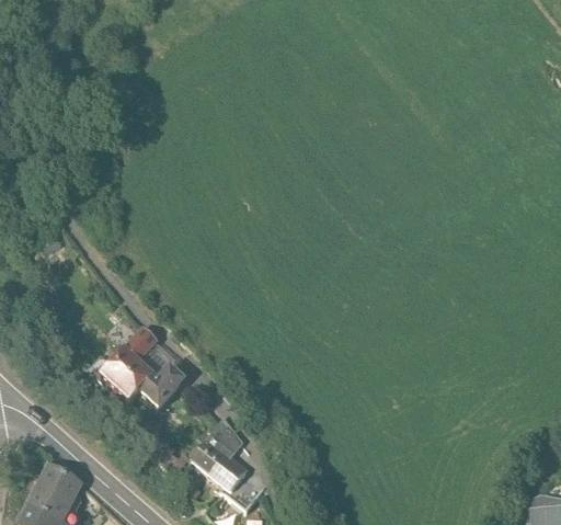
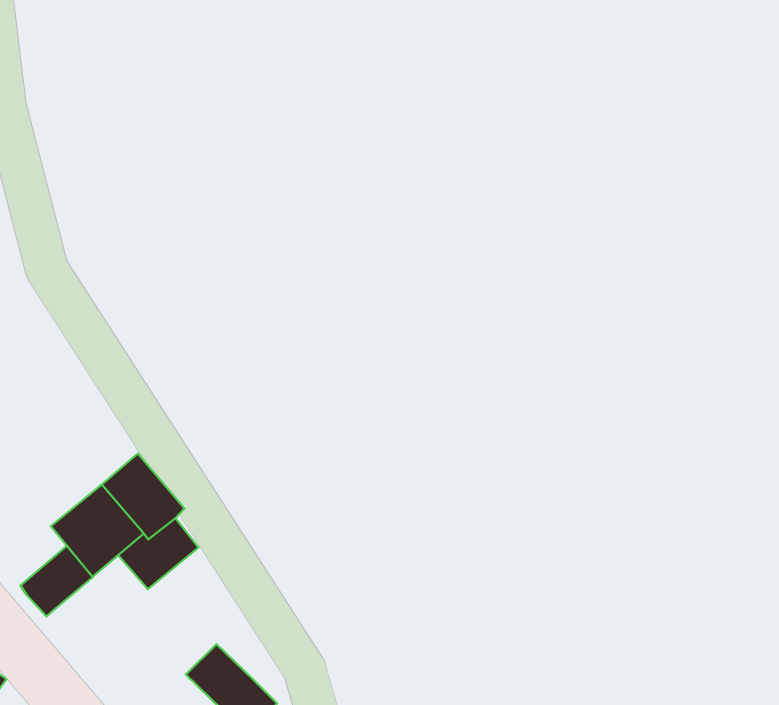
building: none -> [20,546,93,617]
building: [205,414,242,456] -> none

